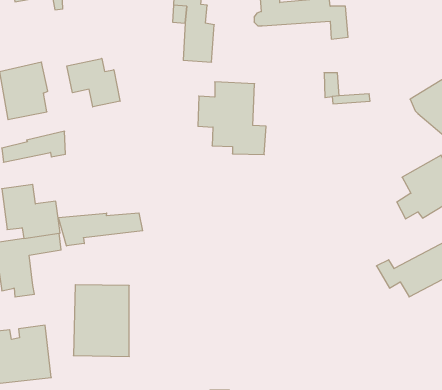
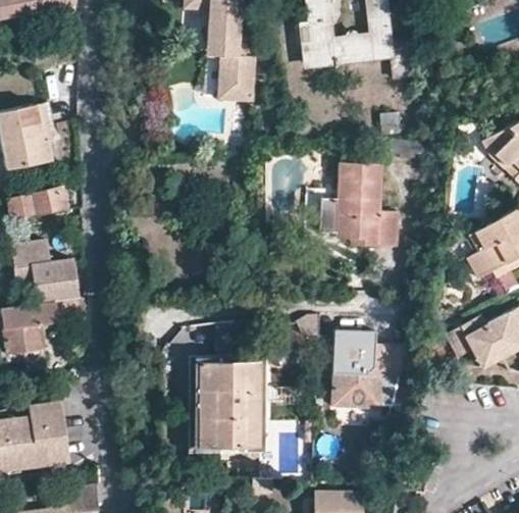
building: [67,58,120,107] -> none
building: [198,82,266,155] -> [320,162,399,246]
building: [58,213,143,246] -> none
building: none -> [328,329,403,404]
building: [73,285,129,356] -> [197,364,261,447]

